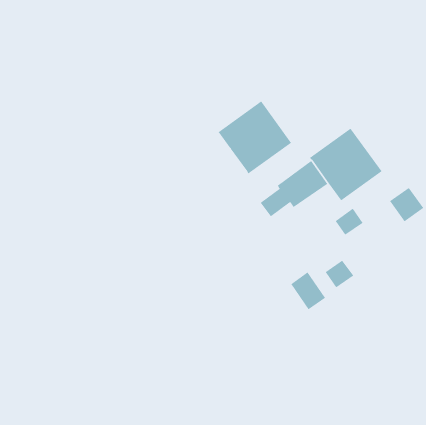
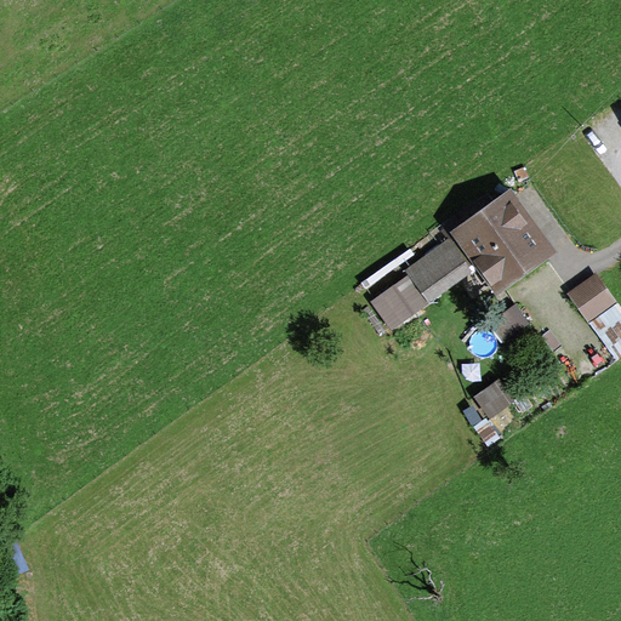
building: [218,100,292,175] -> none
building: [290,272,326,310] -> none

